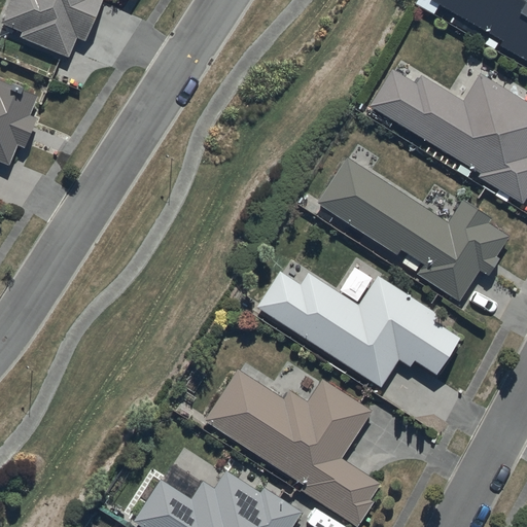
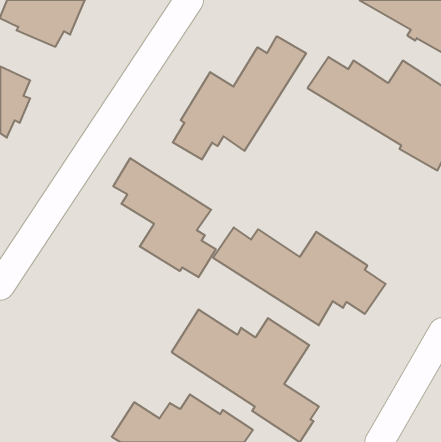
building: none -> [173,36,306,160]
building: [318,157,508,301] -> none
building: none -> [113,158,216,277]

